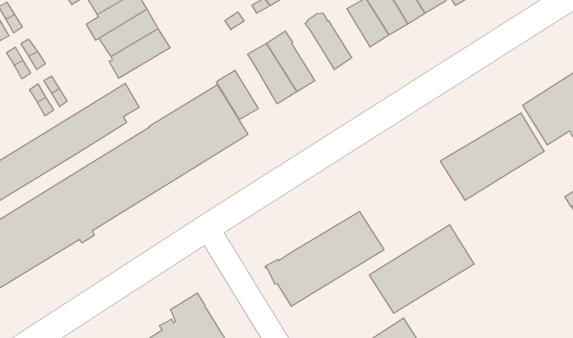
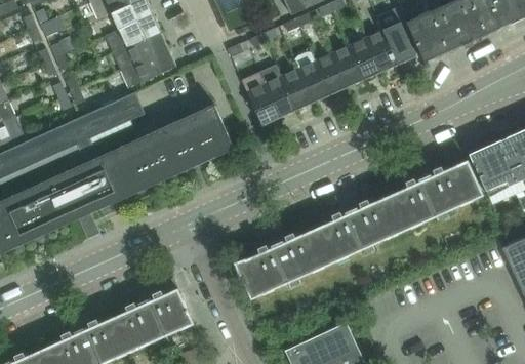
building: none -> [314,53,346,95]
building: [216,70,258,120] -> [280,69,313,111]
building: [369,225,474,313] -> [319,193,409,261]

